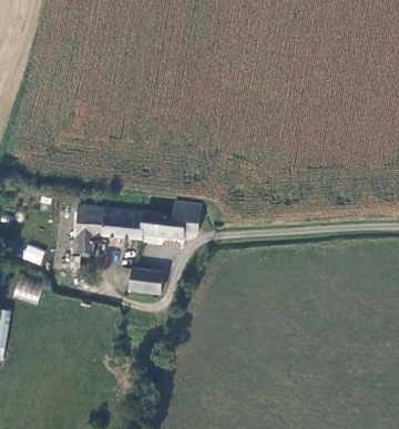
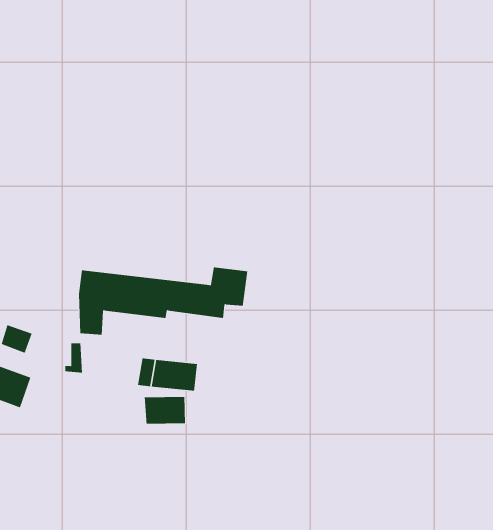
building: none -> [144,396,186,425]

